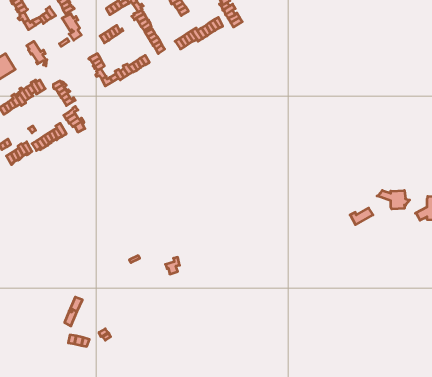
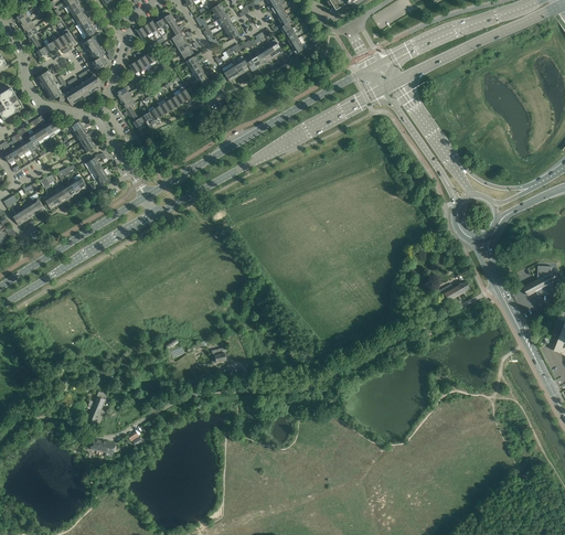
building: none -> [62,76,102,106]
building: [377,190,410,209] -> none

